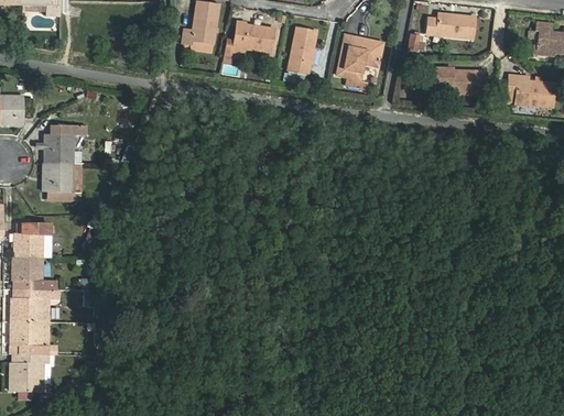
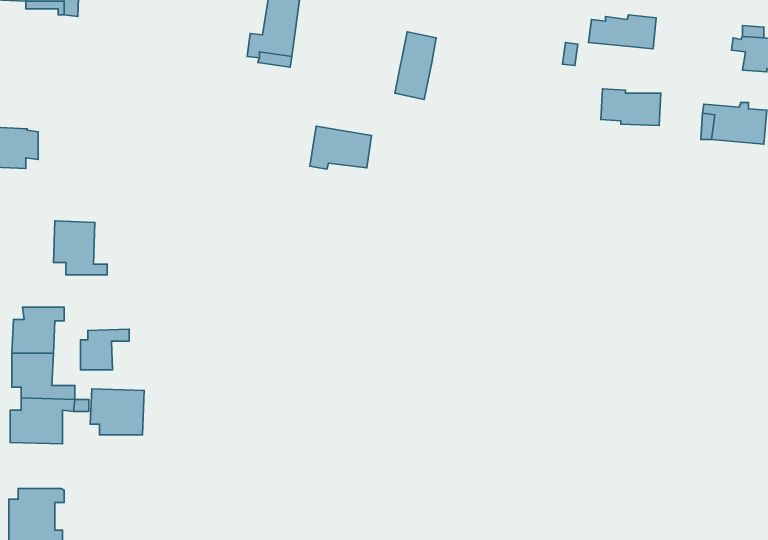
building: [231,22,275,53] -> [310,126,371,169]
building: [337,35,382,88] -> none
building: [44,124,86,163] -> none
building: none -> [81,329,129,370]
building: [11,320,50,353] -> [90,389,144,435]

